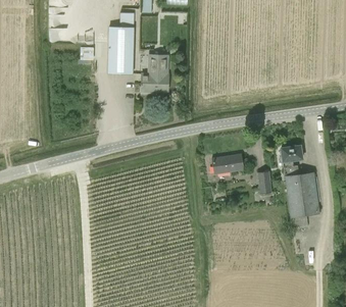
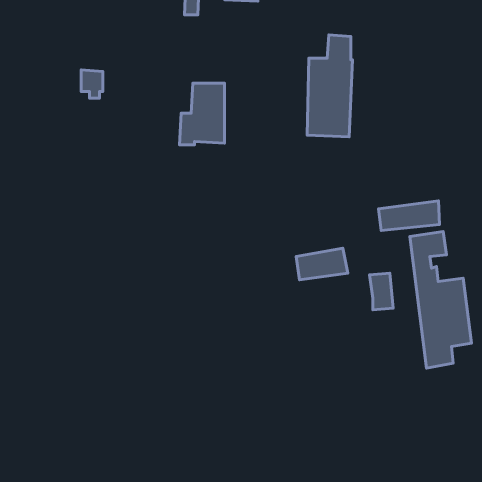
building: [106,11,134,73] -> [307,35,352,137]
building: none -> [379,201,440,230]

